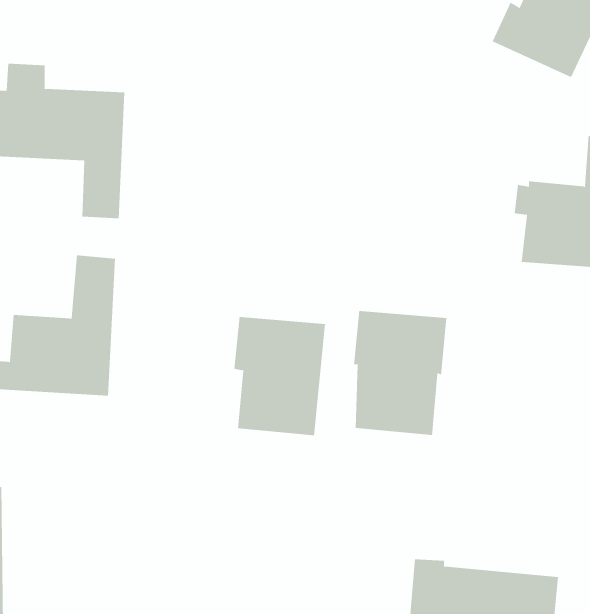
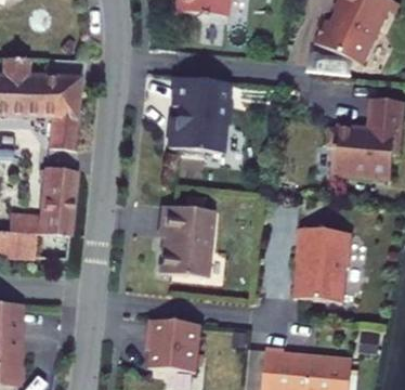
building: none -> [166,76,228,151]
building: [353,311,447,435] -> [295,226,351,301]
building: none -> [146,320,199,373]

